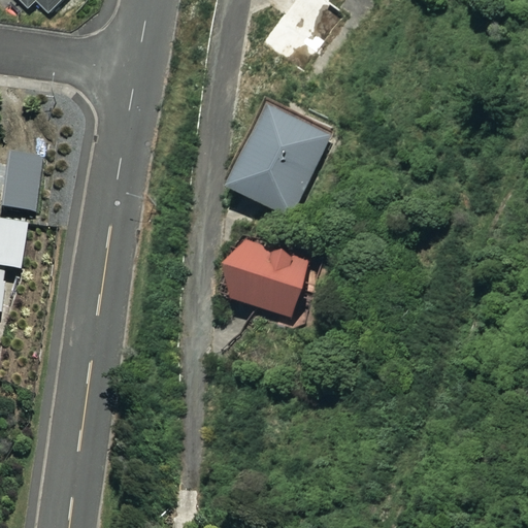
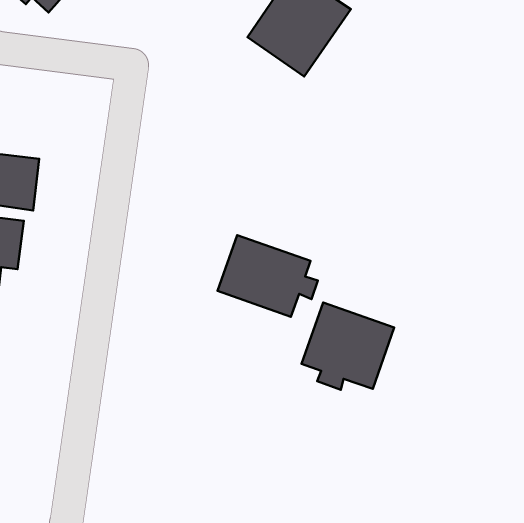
building: [228,100,332,214] -> none
building: none -> [302,303,394,390]

